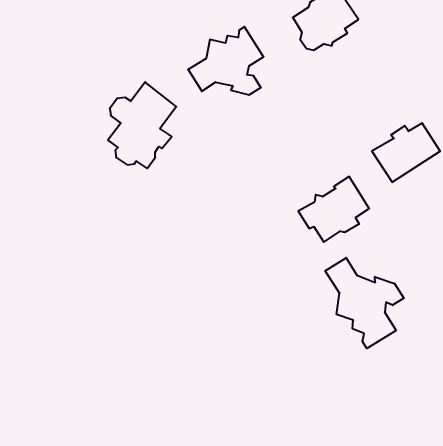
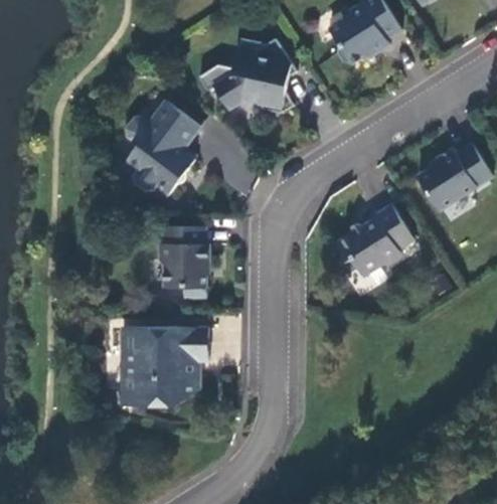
building: none -> [159,226,209,298]
building: [325,258,404,348] -> none
building: none -> [122,327,208,406]

